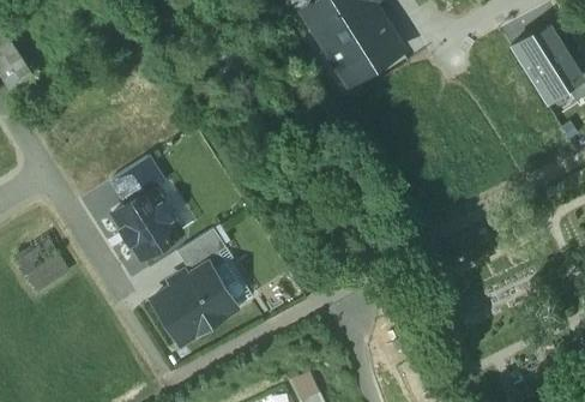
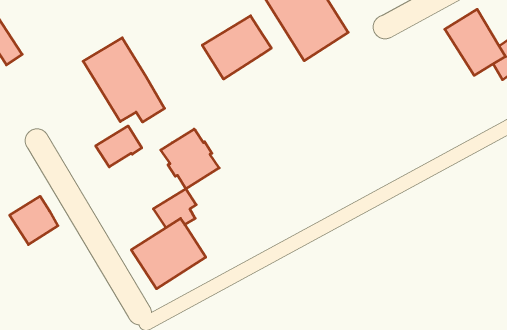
building: none -> [202,16,271,79]
building: none -> [83,38,165,122]
building: [114,187,181,256] -> [161,129,219,189]

